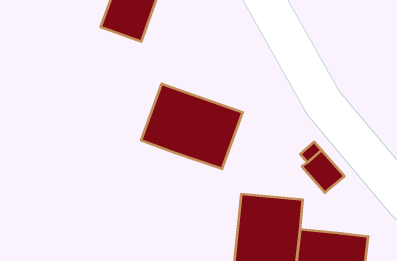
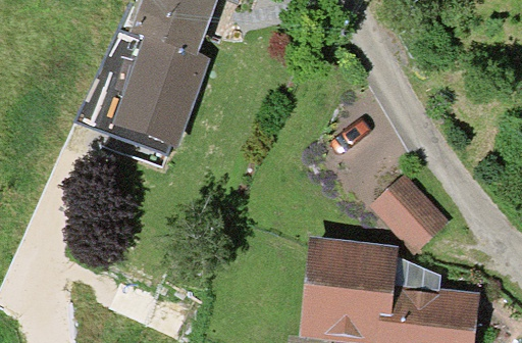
building: none -> [100,34,205,149]
building: [141,84,243,169] -> none

